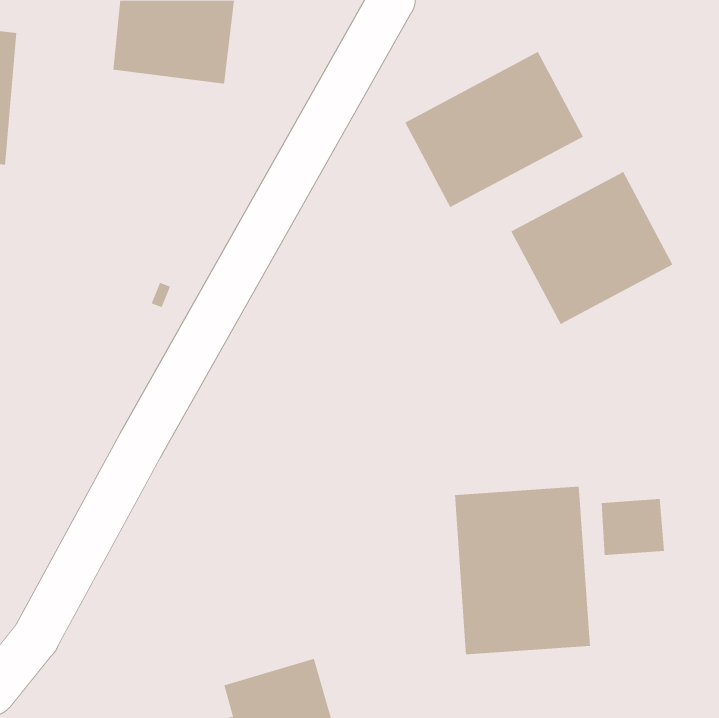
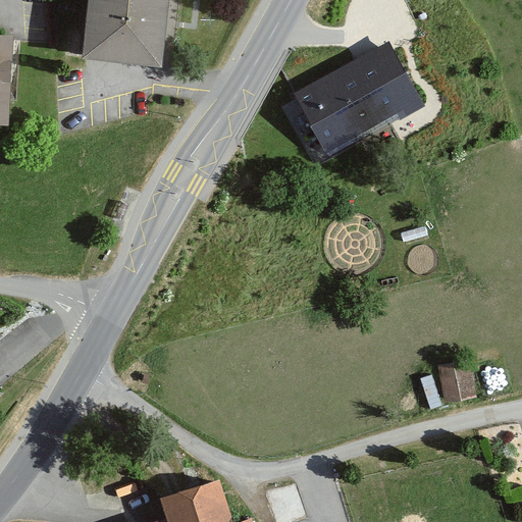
building: [511,171,673,325] -> none
building: [454,486,590,655] -> none

